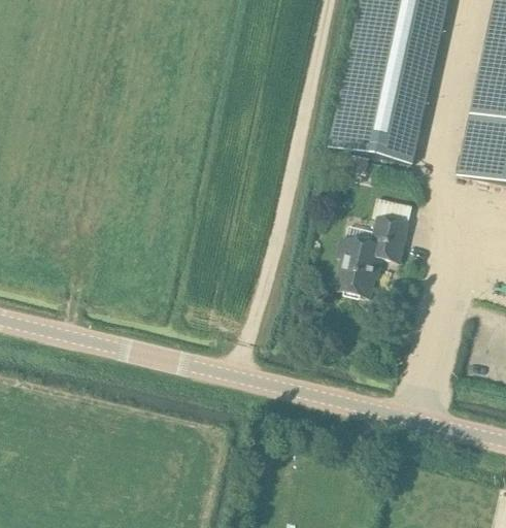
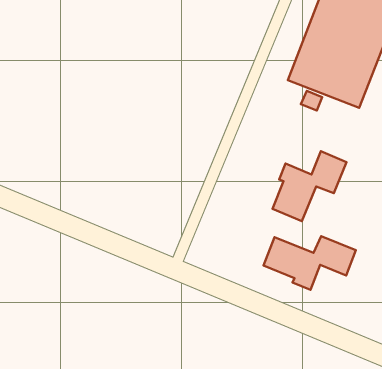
building: none -> [263,236,356,290]

